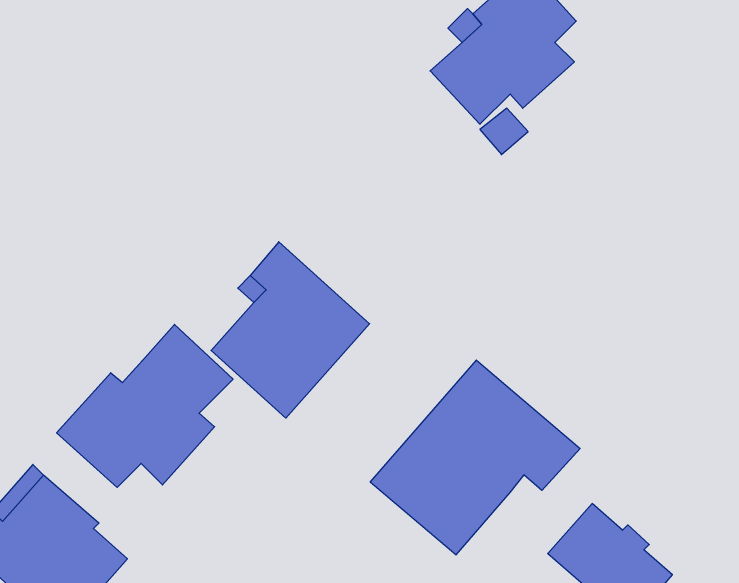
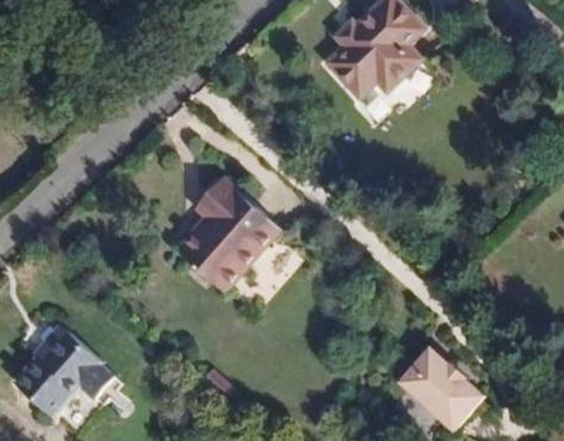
building: [57,324,233,487] -> none
building: [370,360,580,555] -> none

